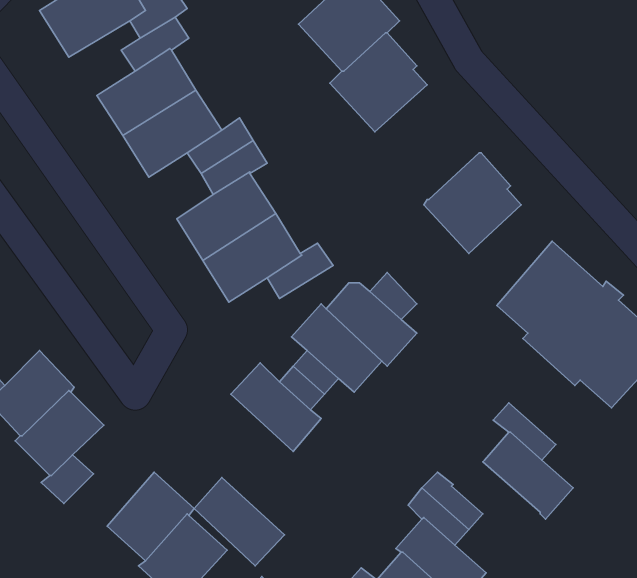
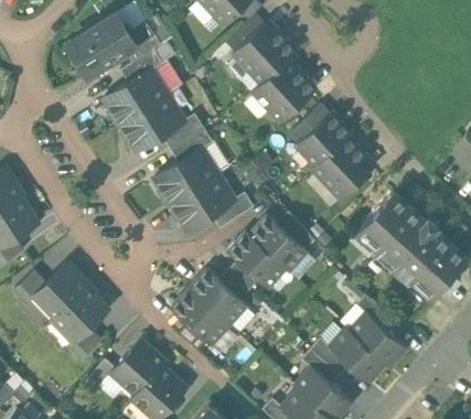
building: none -> [289,106,350,165]
building: none -> [329,329,385,383]
building: [194,477,285,566] -> [171,289,228,345]

